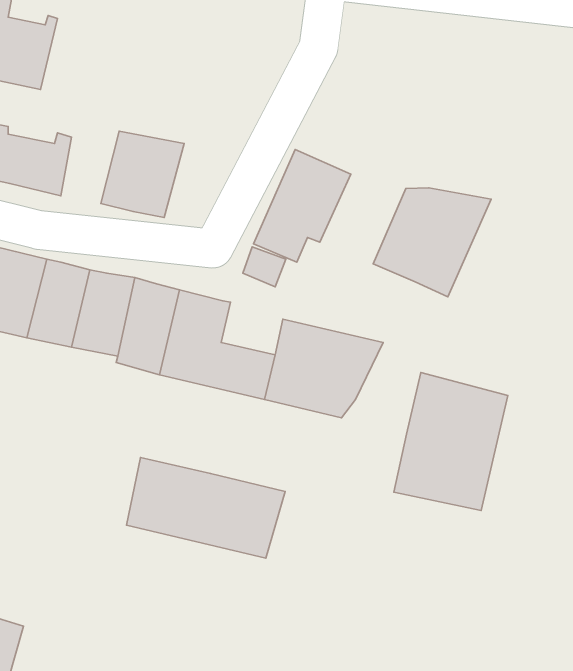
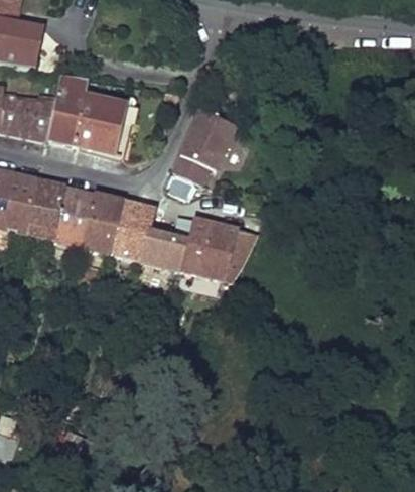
building: none -> [47,77,89,143]
building: [373,188,491,297] -> none
building: [394,372,508,511] -> none
building: [127,458,285,558] -> none

